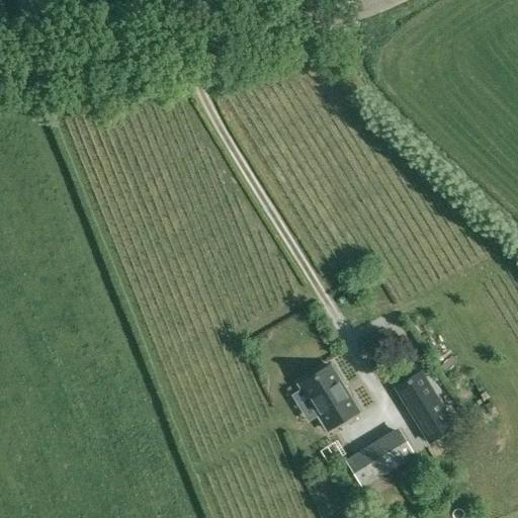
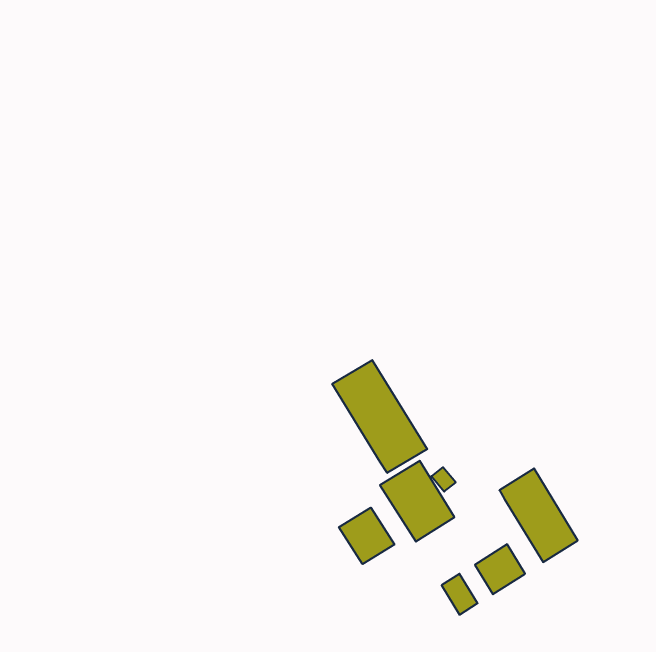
building: none -> [332,360,427,473]
building: none -> [339,508,394,564]

